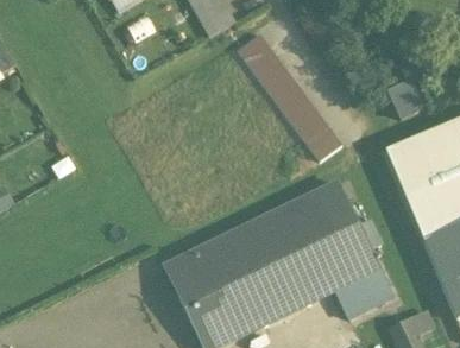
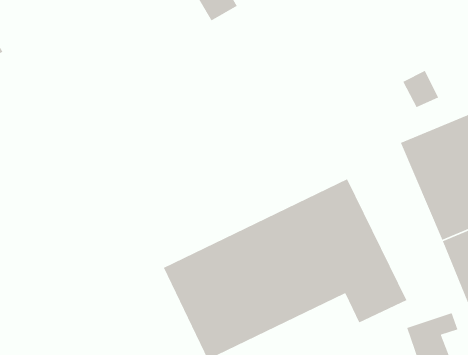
building: [238,32,342,159] -> none

